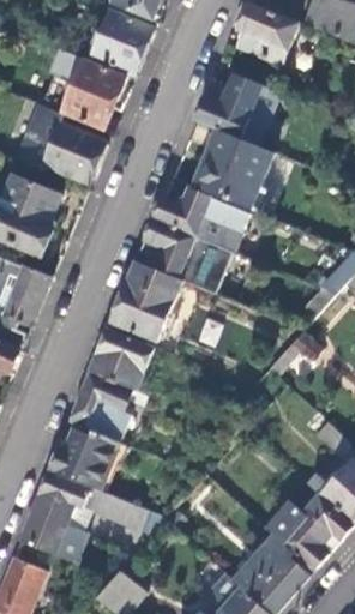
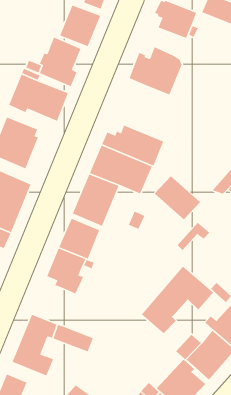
building: [192,130,275,209] -> none
building: none -> [154,175,201,220]
building: none -> [141,265,214,334]
building: [50,429,116,488] -> none

